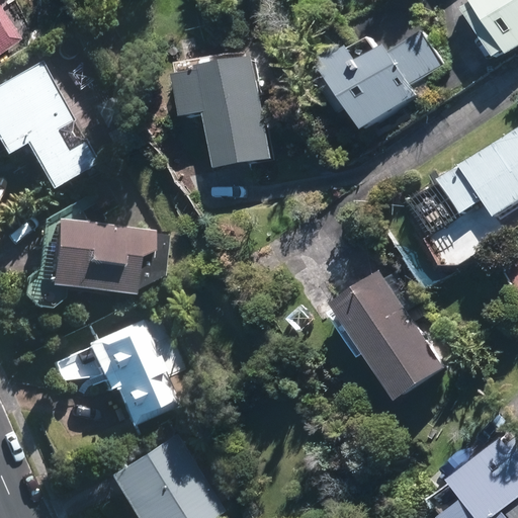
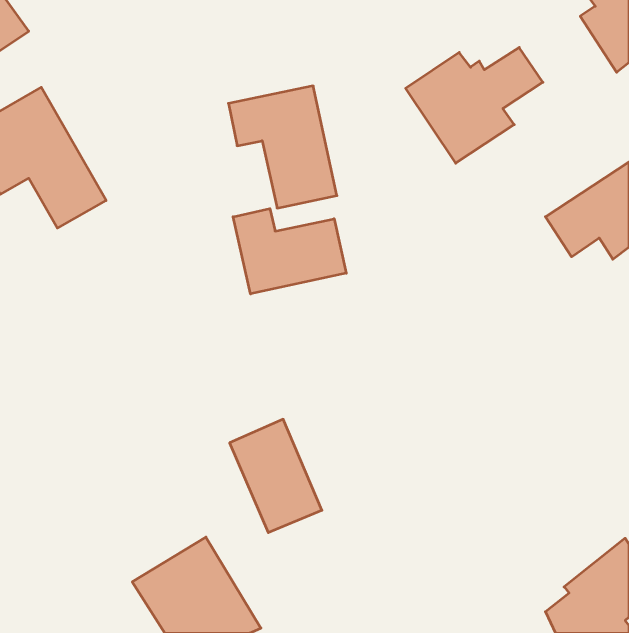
building: none -> [233,209,346,294]
building: [46,220,148,289] -> none
building: [342,273,445,395] -> none
building: [94,326,169,418] -> [230,419,322,533]

